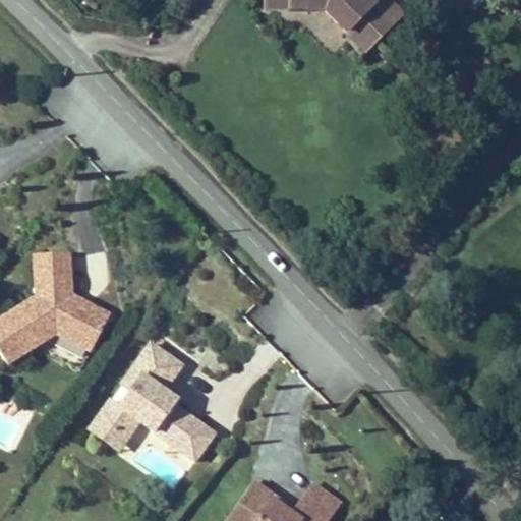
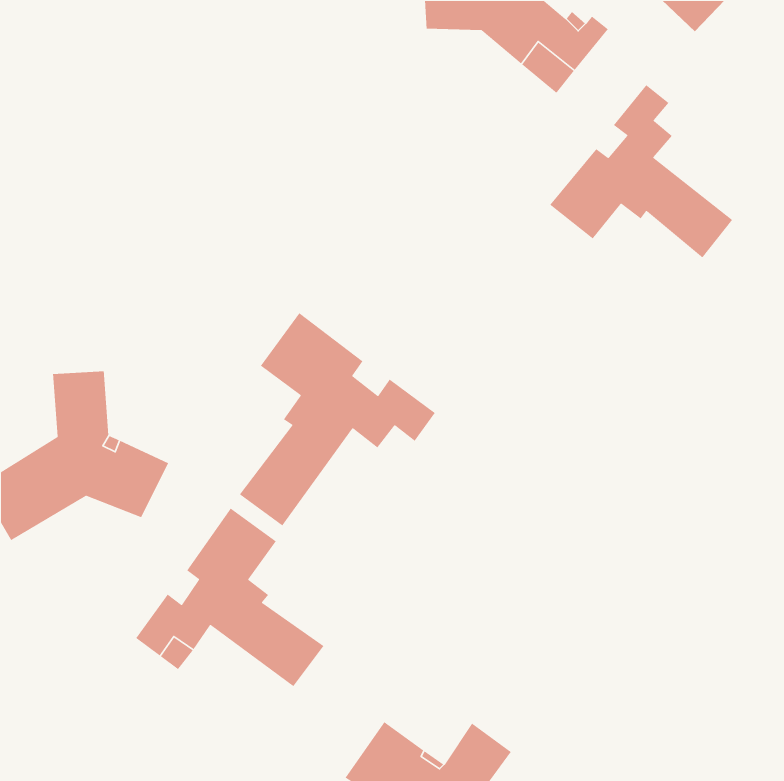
building: none -> [549,84,733,259]
building: none -> [239,312,436,526]

